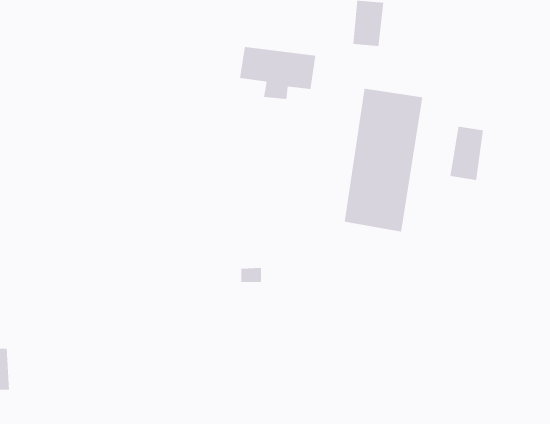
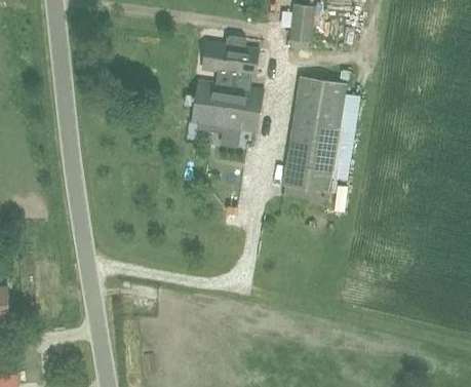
building: none -> [192,80,264,132]
building: [450,126,484,181] -> none

